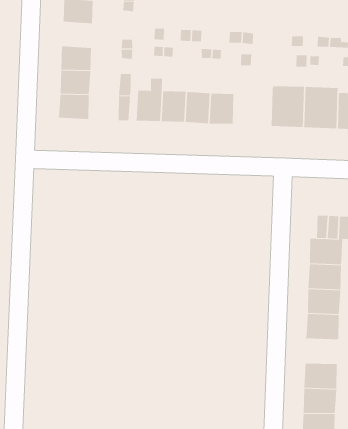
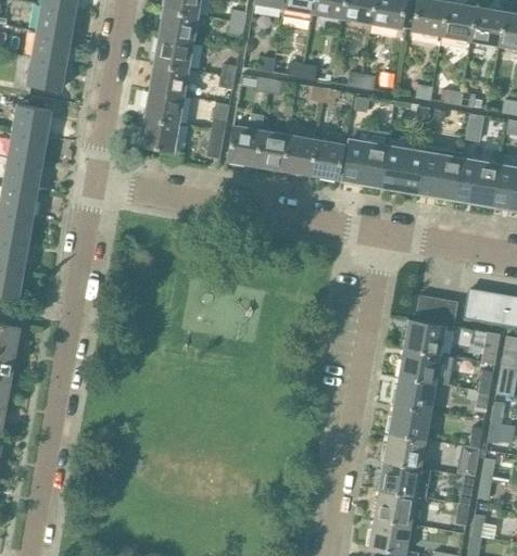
building: none -> [153,37,192,71]
building: none -> [342,139,387,187]
building: none -> [383,434,426,468]

